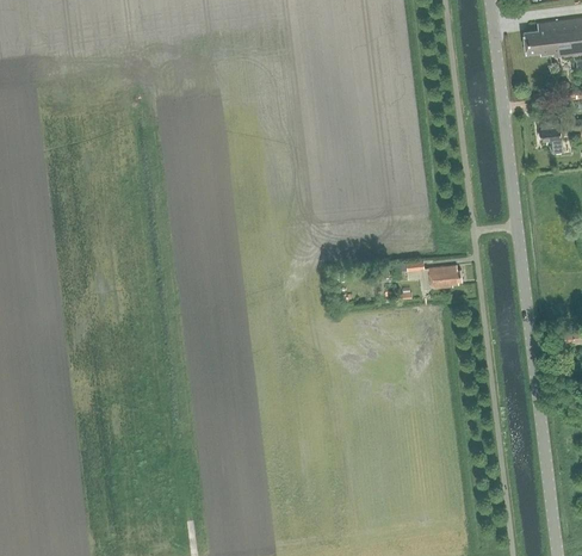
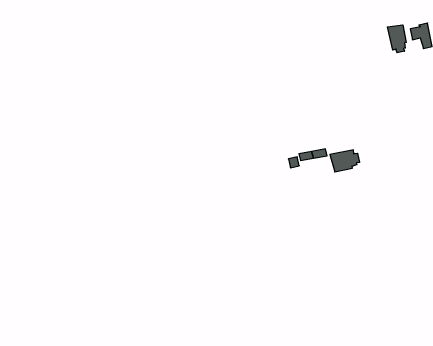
building: none -> [387,25,406,53]

